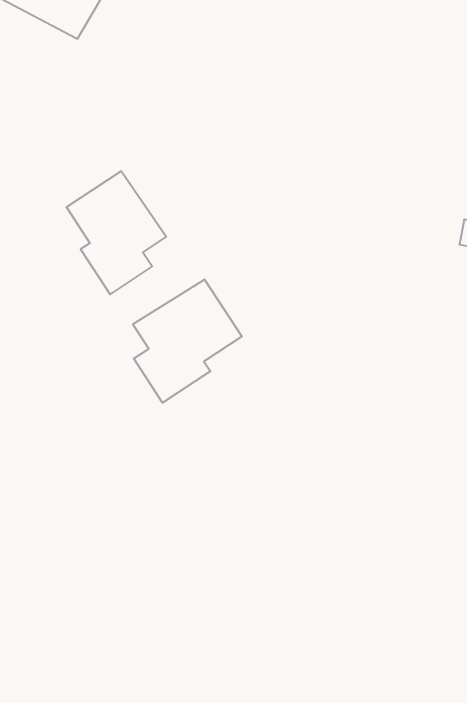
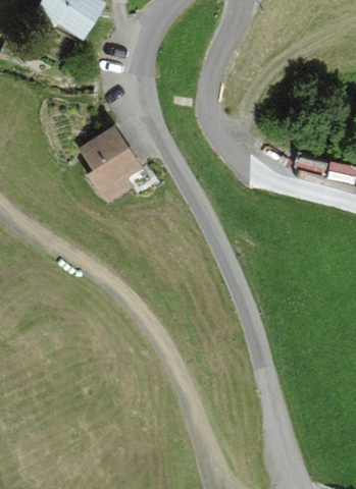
building: [133,279,242,403] -> none

